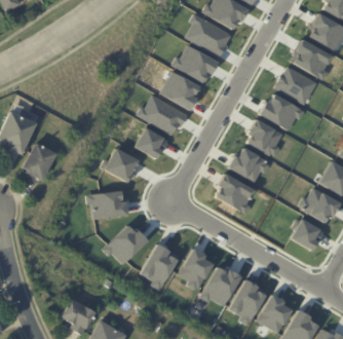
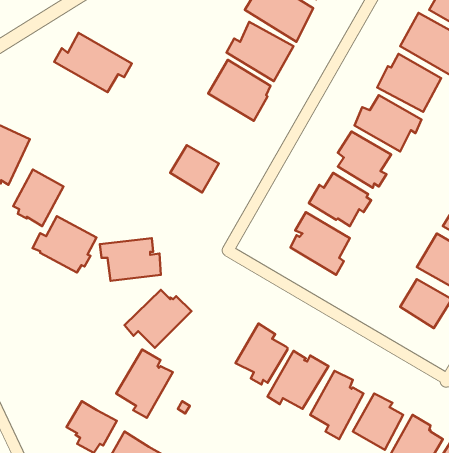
building: [136,95,188,135] -> [54,33,132,92]
building: [99,145,142,183] -> [33,216,97,273]
building: [139,243,177,290] -> [116,349,173,418]

